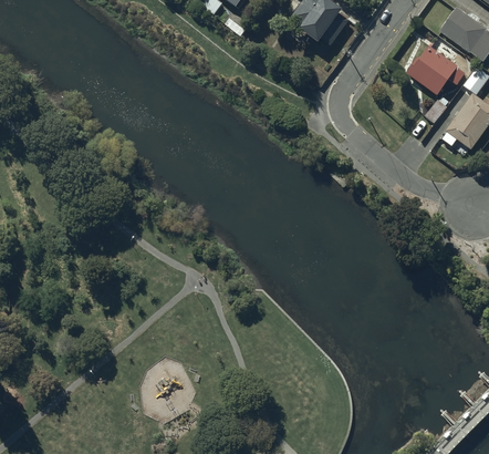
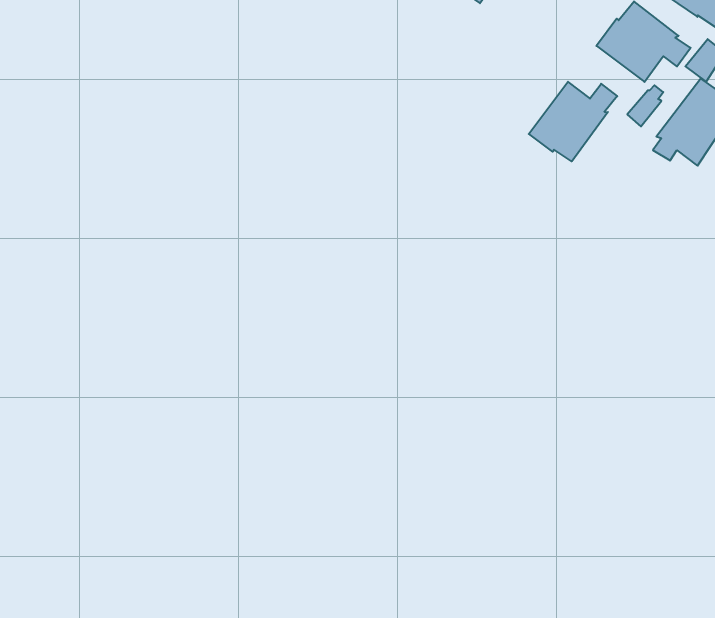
building: none -> [529,82,617,161]

